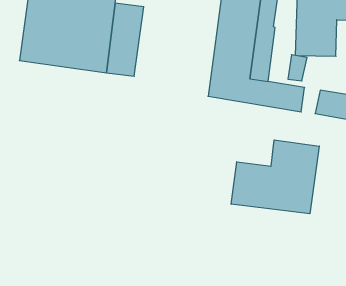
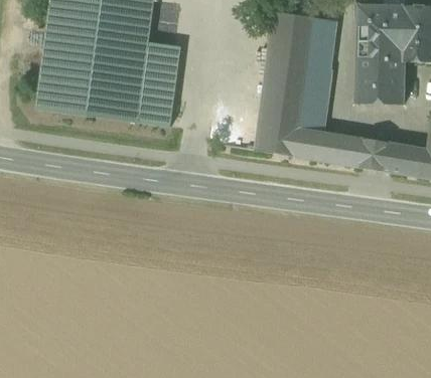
building: [288,55,307,81] -> [363,139,385,169]
building: [231,140,319,214] -> none

